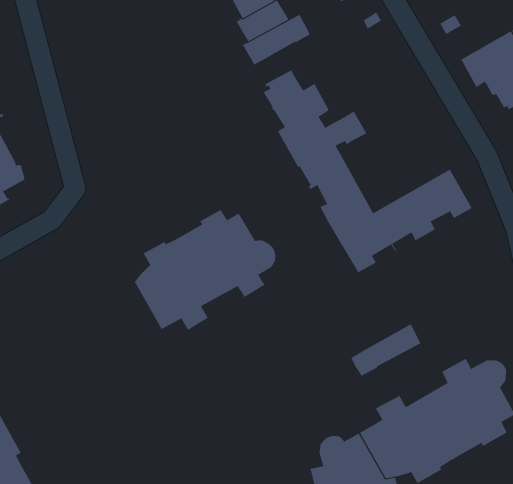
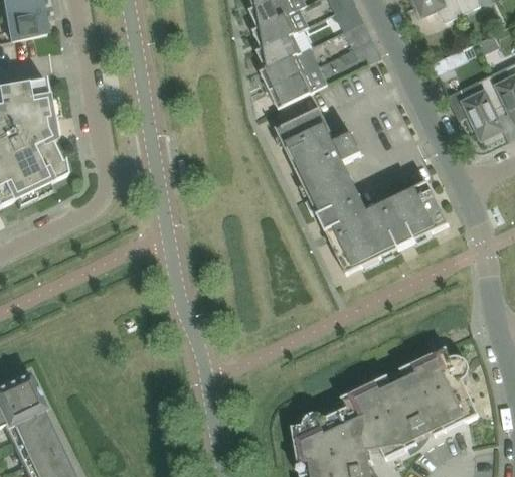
building: none -> [267,63,329,104]
building: [134,209,276,331] -> none
building: [350,323,425,377] -> none

